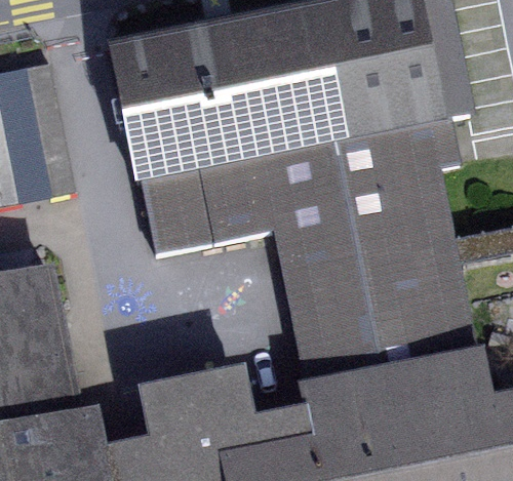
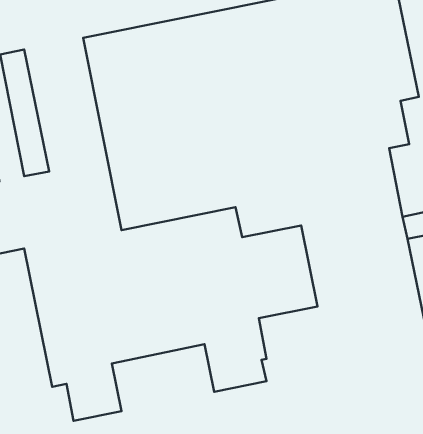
building: [281,249,361,348] -> none

